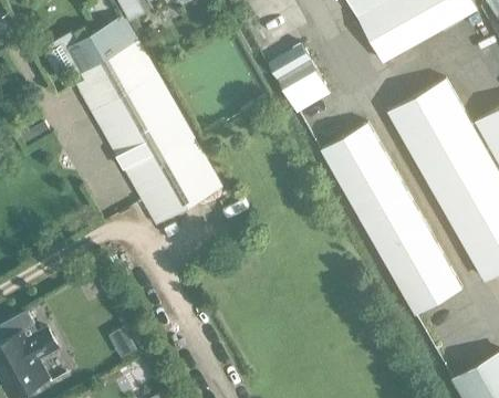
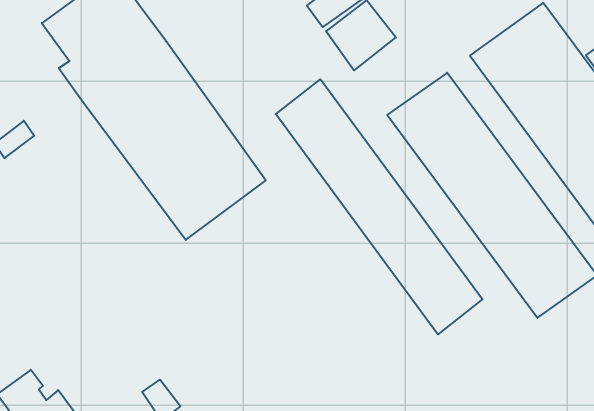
building: none -> [276,79,483,334]

